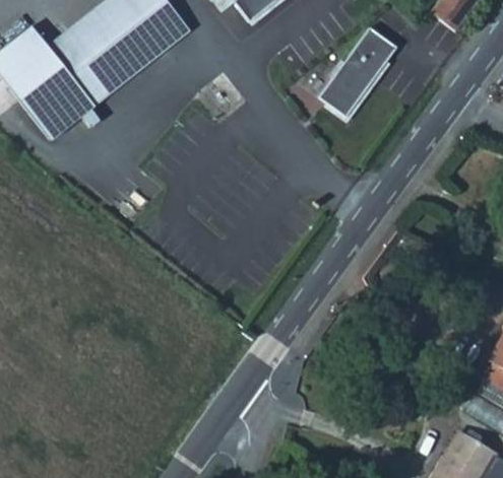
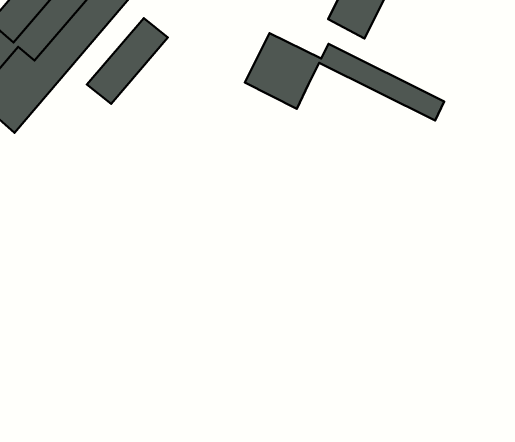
building: none -> [87,18,168,104]
building: none -> [245,33,444,120]

